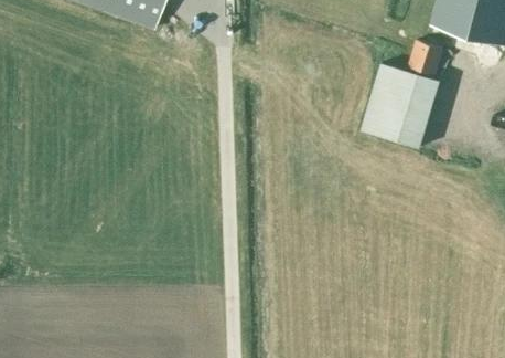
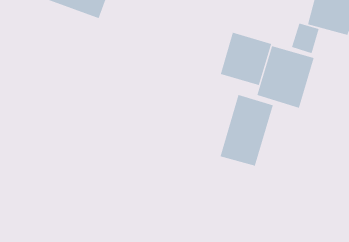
building: none -> [220,32,272,86]
building: none -> [220,94,273,167]

